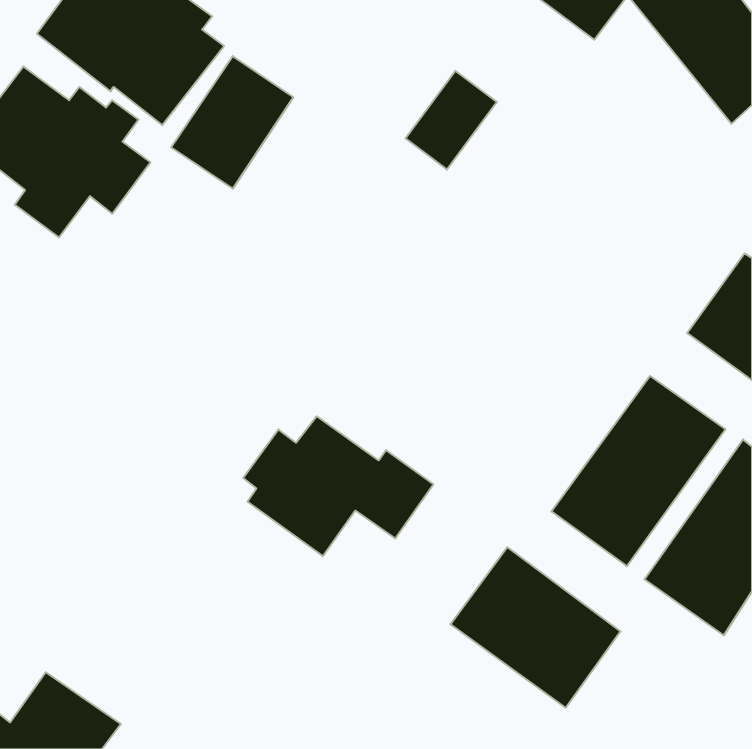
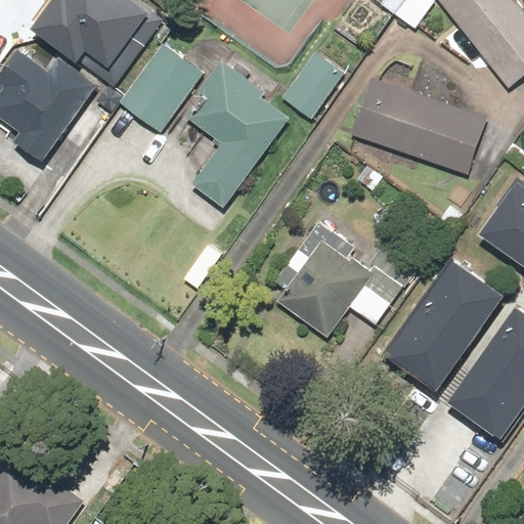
building: none -> [191,60,288,208]
building: none -> [349,78,486,174]
building: [243,416,433,556] -> [272,239,404,337]
building: [450,547,621,708] -> none

